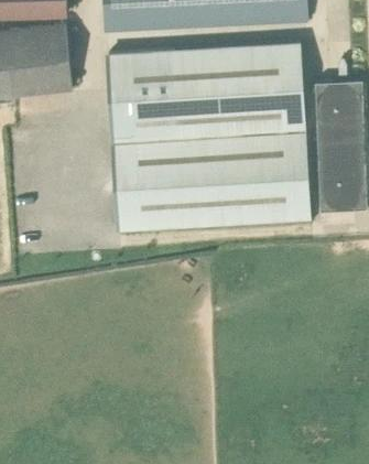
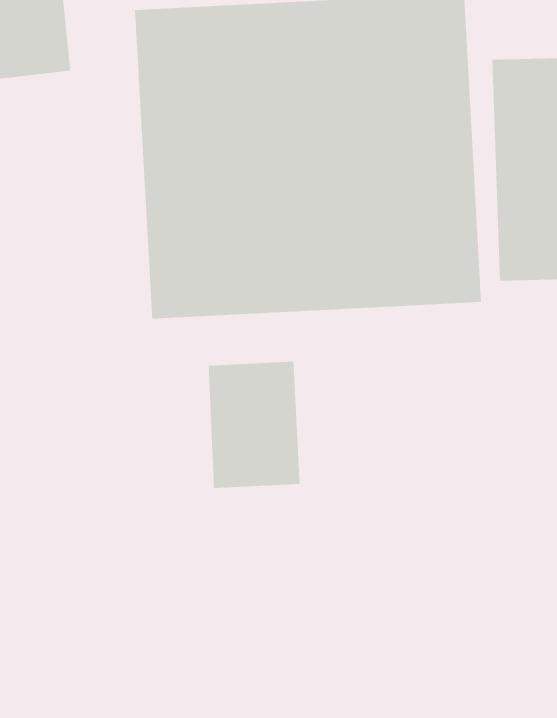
building: none -> [208,361,300,489]

